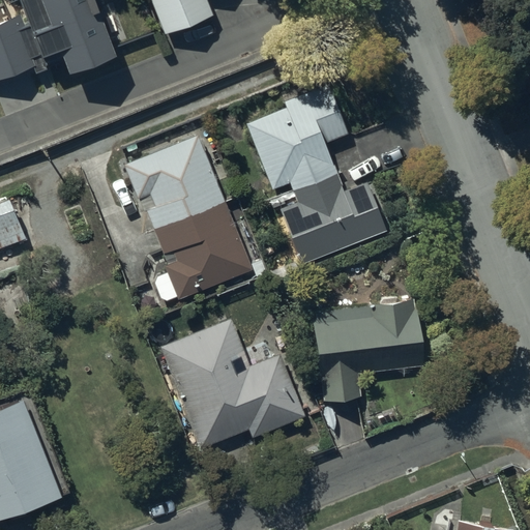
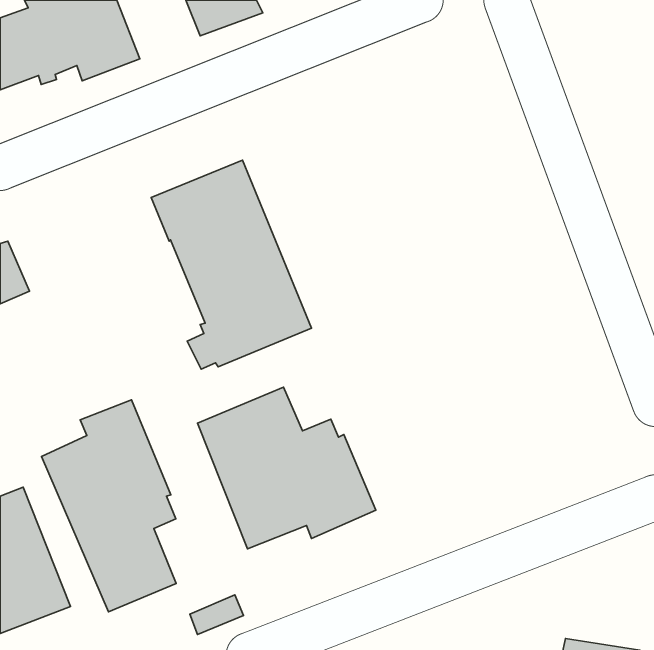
building: [247,85,387,264] -> none
building: [312,298,424,401] -> none
building: none -> [42,400,176,612]

